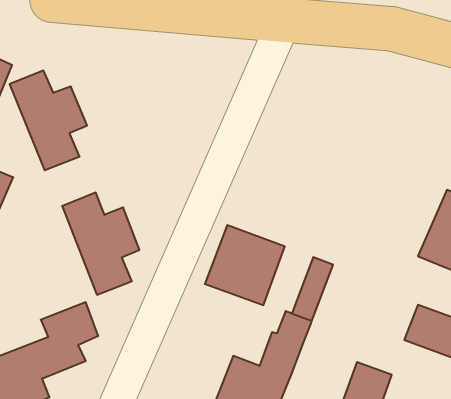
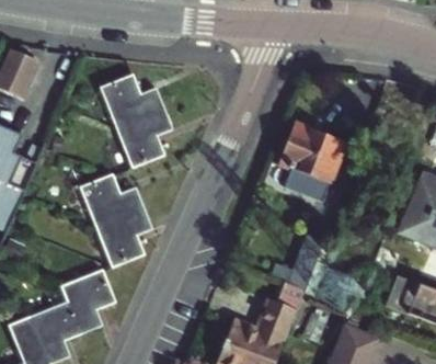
building: [10,70,87,170] -> [103,77,171,164]
building: [205,225,285,305] -> [269,121,340,191]

